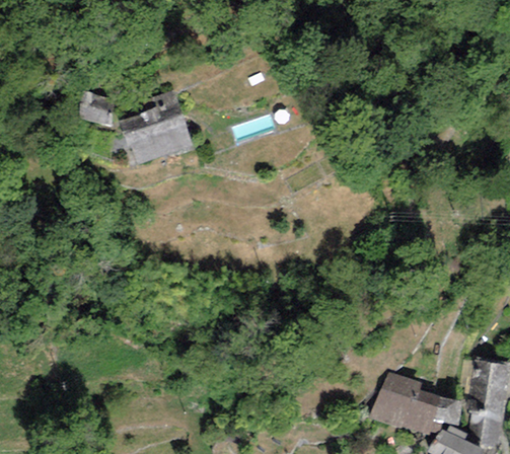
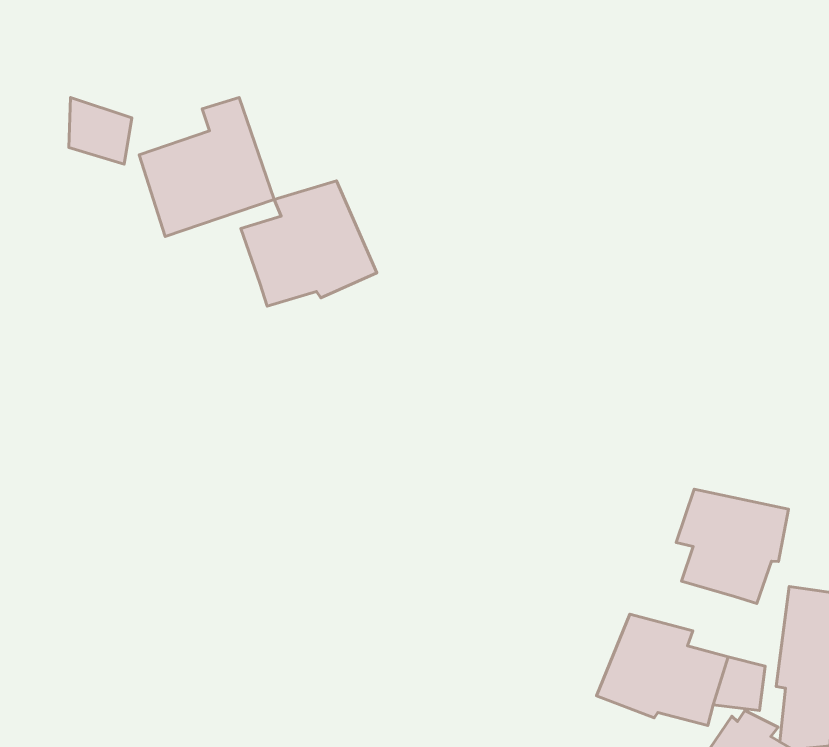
building: none -> [241,181,377,306]
building: none -> [676,489,788,603]

